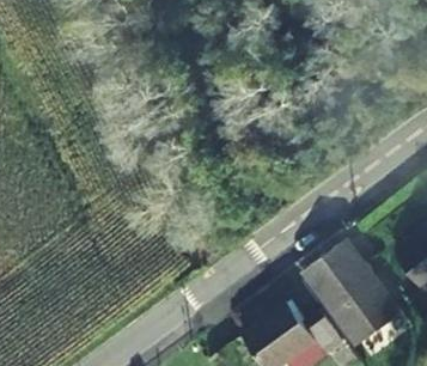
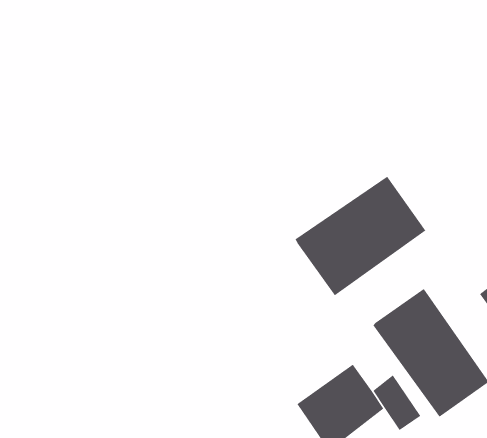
building: none -> [295,176,426,296]

